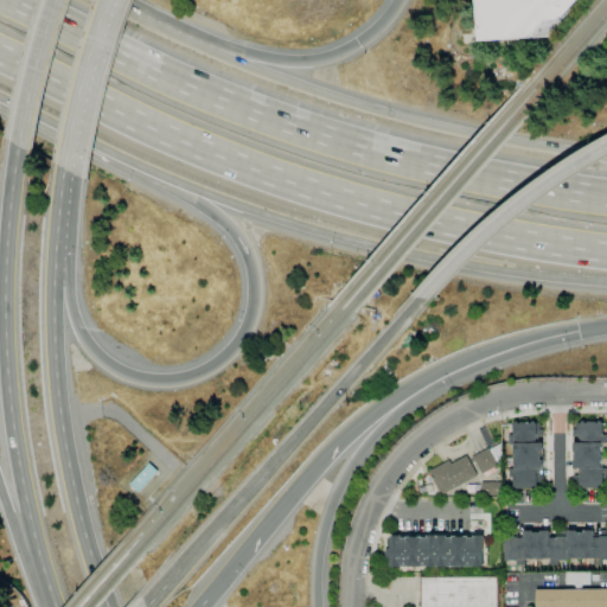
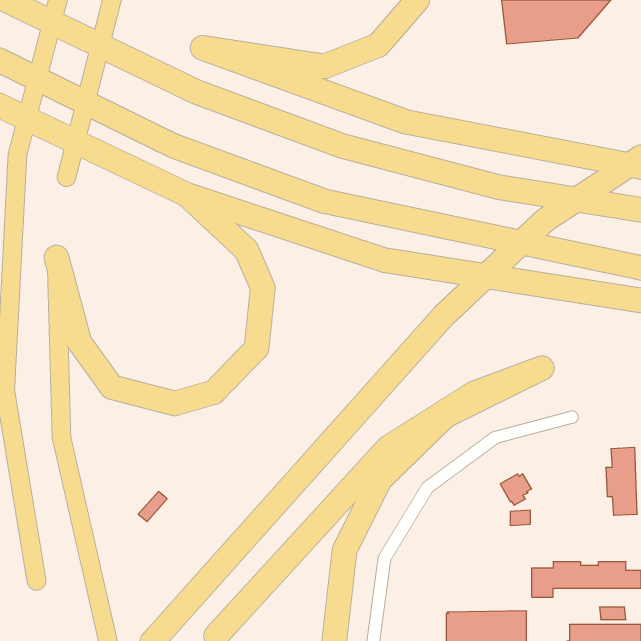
building: [513,426,542,488] -> none
building: [428,456,477,497] -> none
building: [383,532,483,566] -> none

